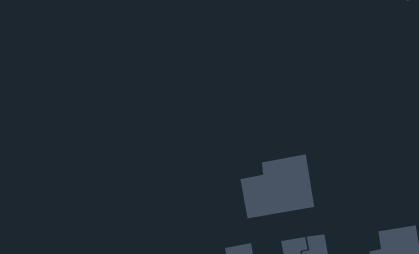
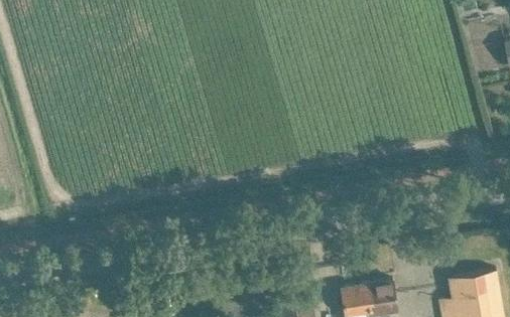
building: [240,154,315,219] -> none

